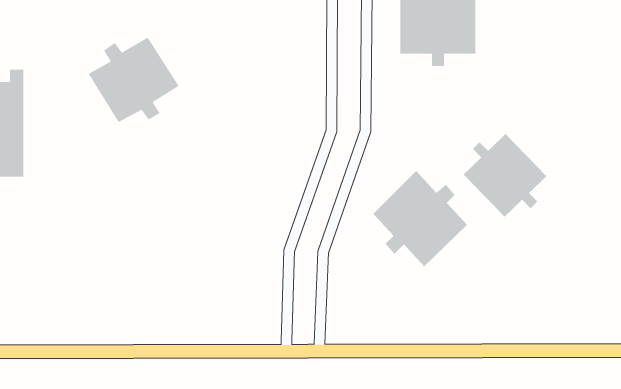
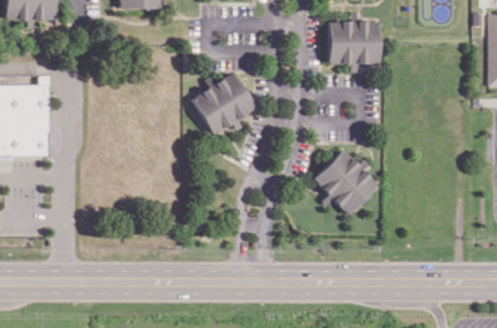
building: [88,37,179,123] -> [191,72,258,135]
building: [463,133,547,217] -> none

